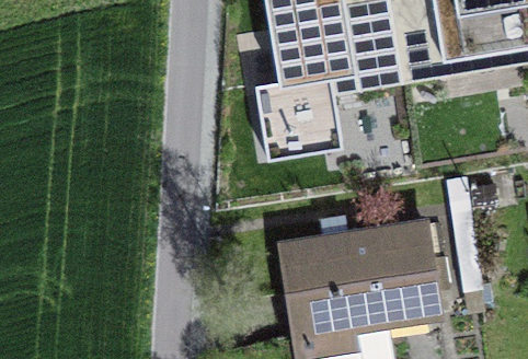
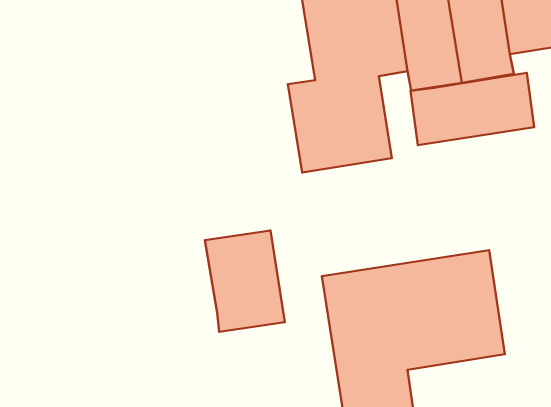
building: none -> [410,73,534,145]
building: none -> [205,231,285,332]

